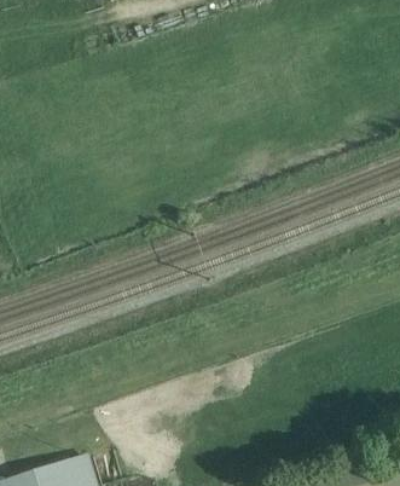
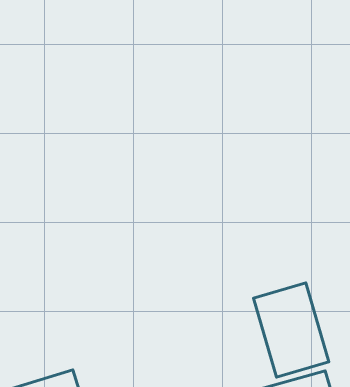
building: none -> [254,283,329,377]

